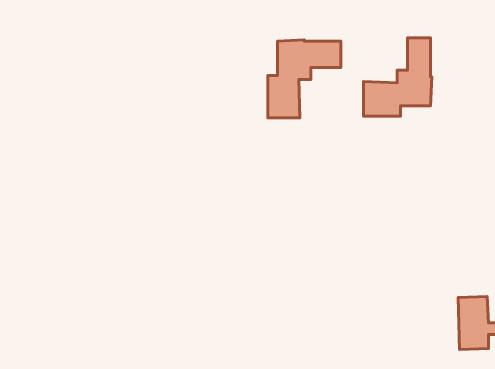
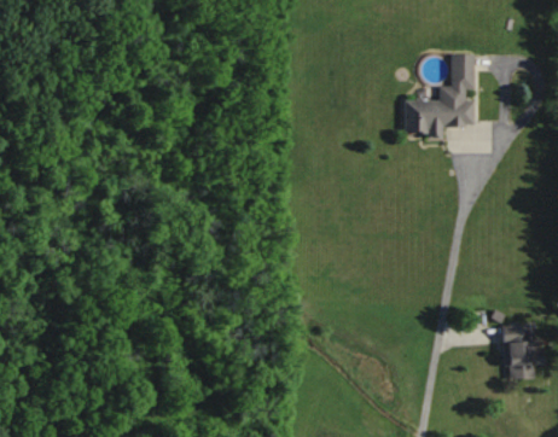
building: [268,40,341,118] -> none

